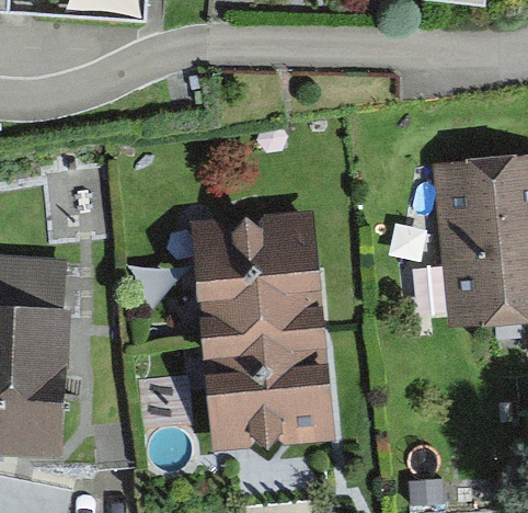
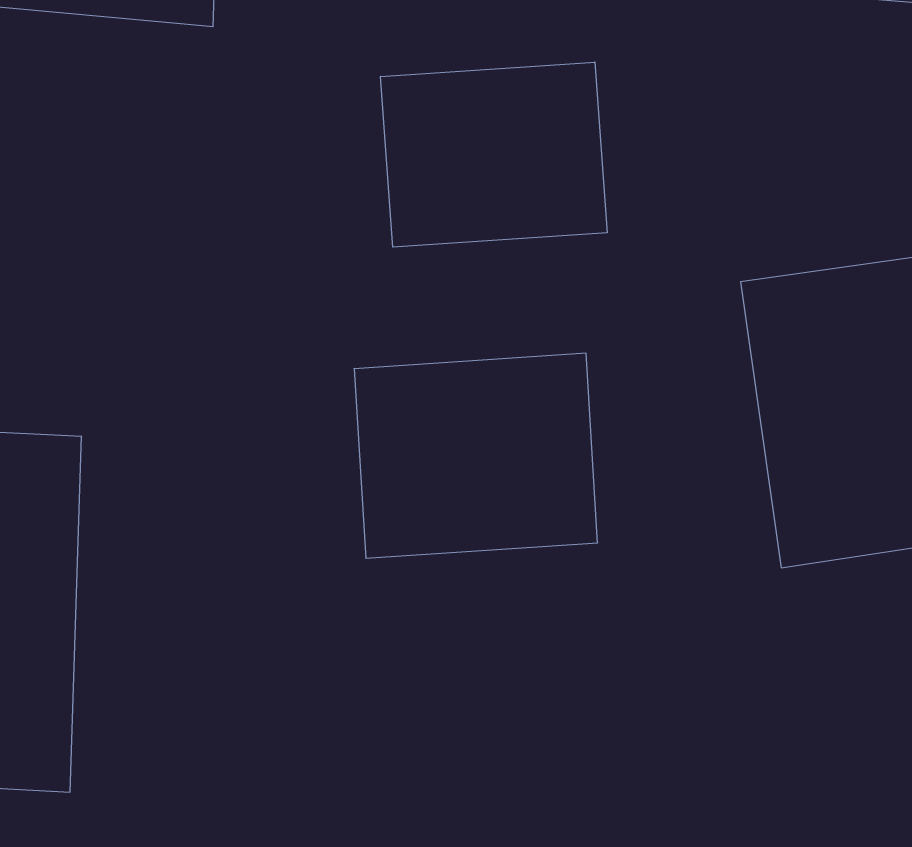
building: none -> [381,62,607,247]
building: [214,315,349,445] -> none

